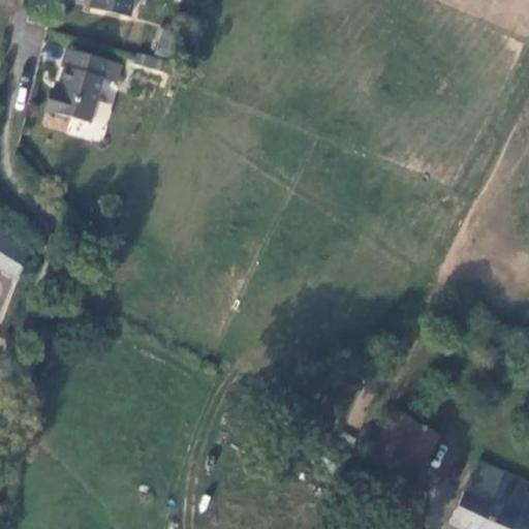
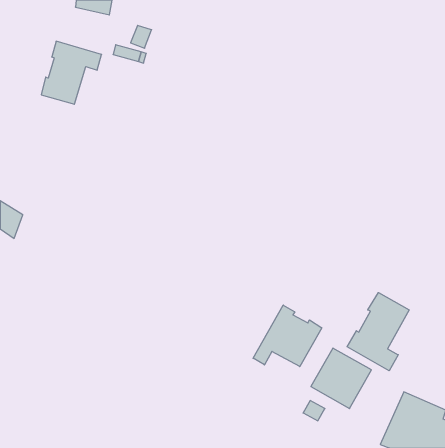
building: none -> [347,293,409,371]
building: none -> [253,305,322,367]

